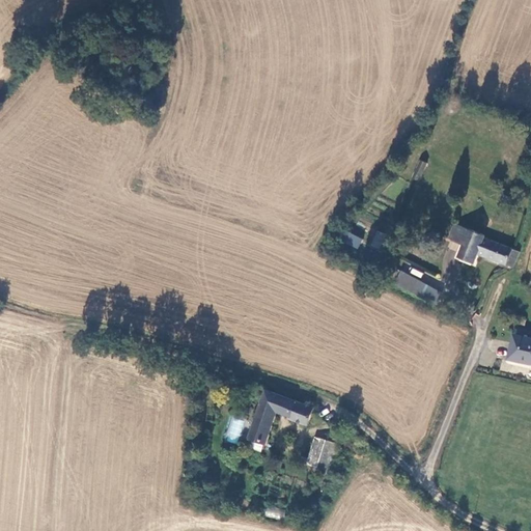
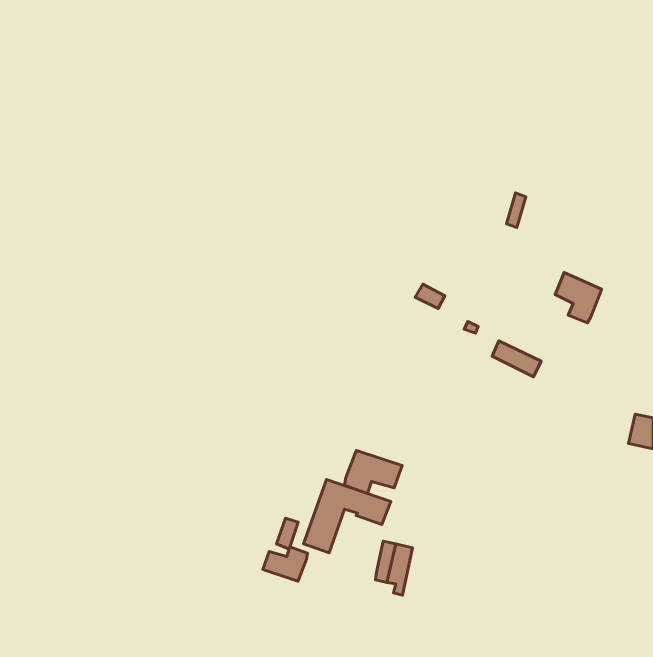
building: [477,236,519,269] -> none
building: none -> [345,450,402,494]
building: none -> [263,547,308,581]

